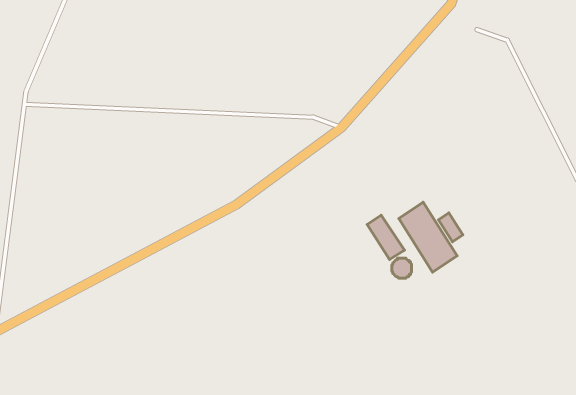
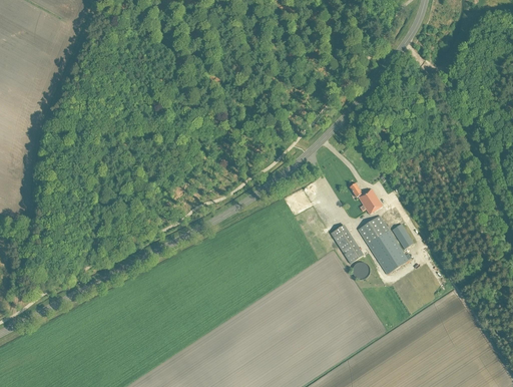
building: none -> [350,182,383,214]

